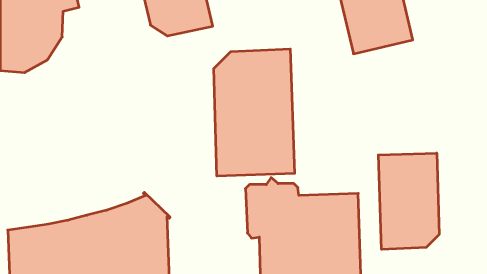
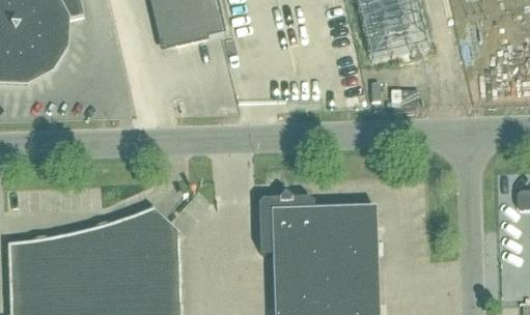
building: [214,49,295,176] -> none
building: [378,153,439,249] -> none

